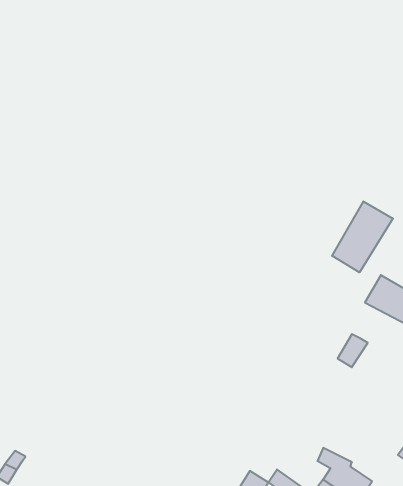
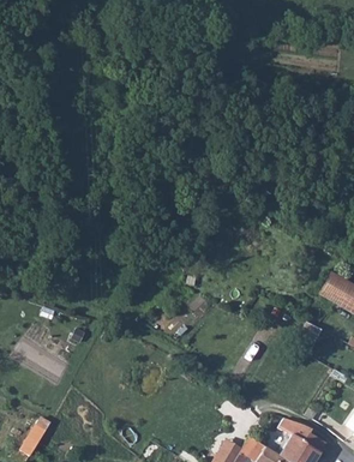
building: [332,201,393,272] -> none

